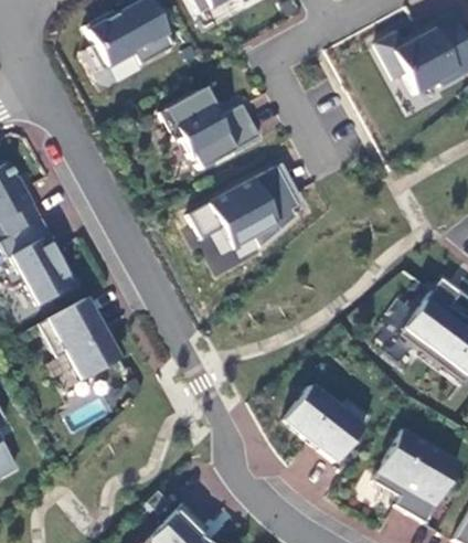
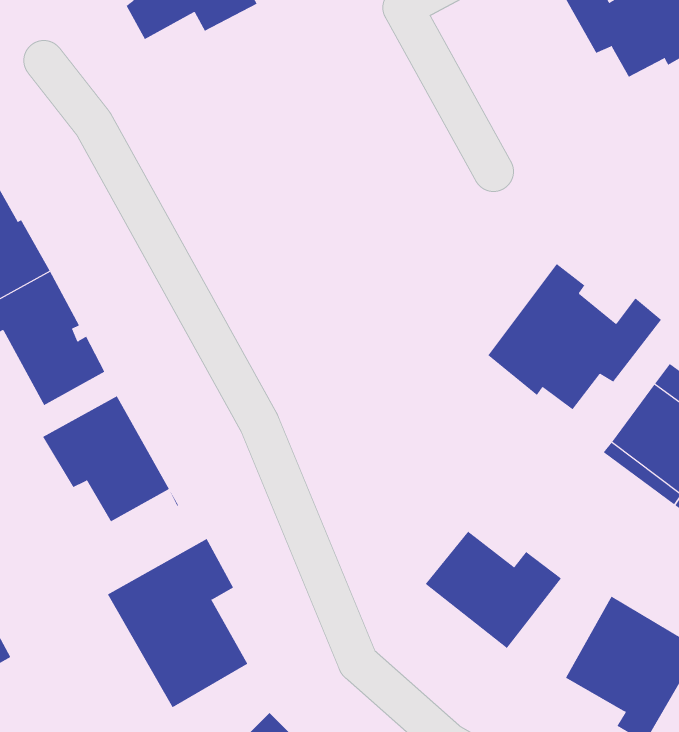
building: [159,85,262,169] -> none
building: [187,164,299,249] -> none
building: none -> [488,263,662,410]
building: none -> [107,538,248,708]

